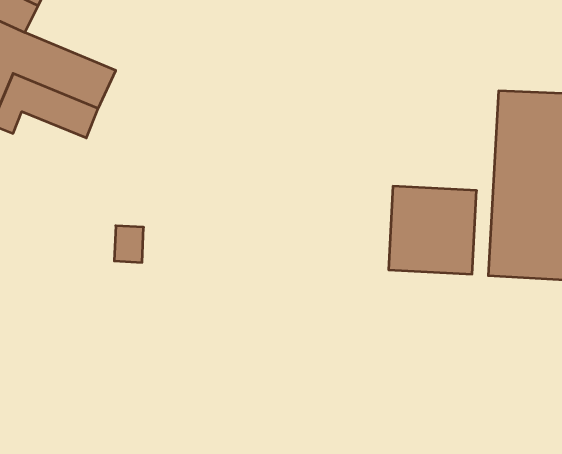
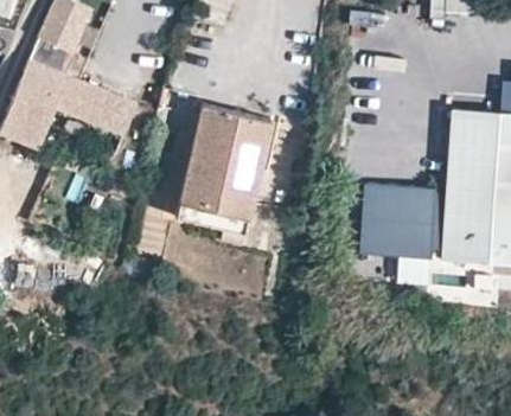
building: none -> [175,94,273,225]

